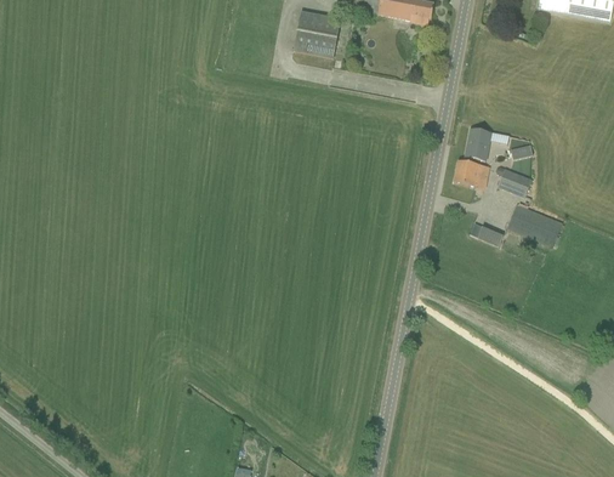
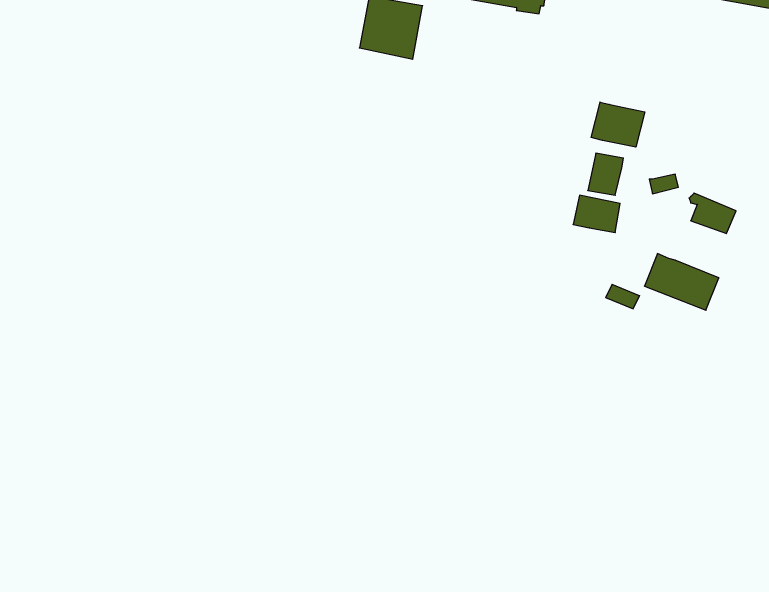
building: none -> [591,102,645,147]
building: [495,165,530,195] -> [689,193,736,234]

